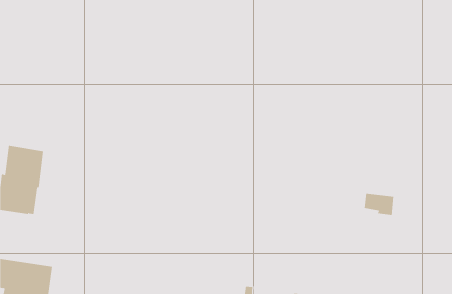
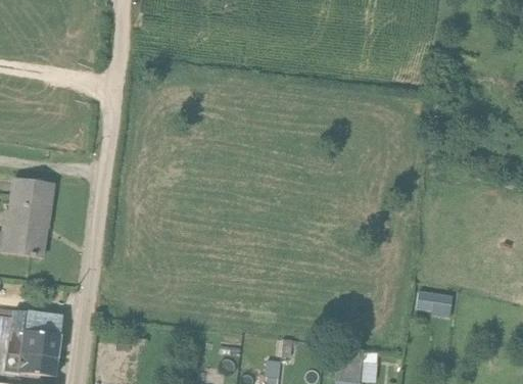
building: [364,193,394,215] -> [417,291,451,317]

